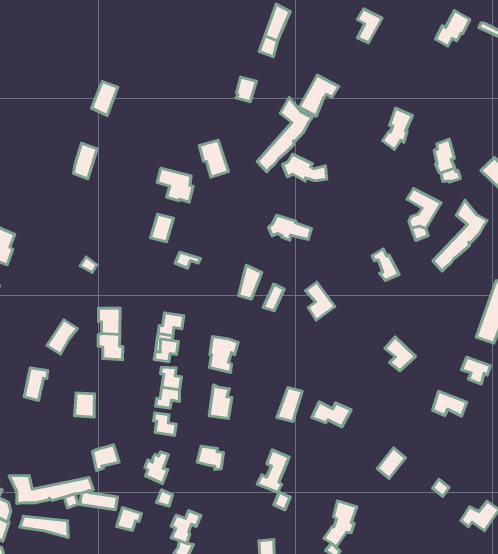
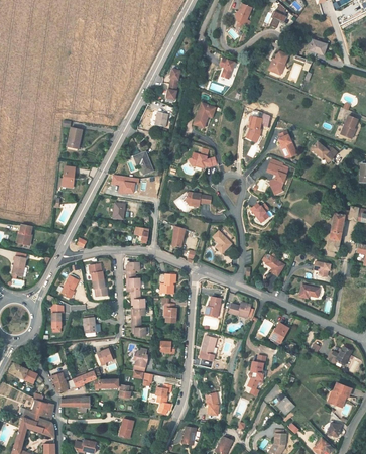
building: [257,98,312,172] -> none
building: [433,200,487,271] -> none

